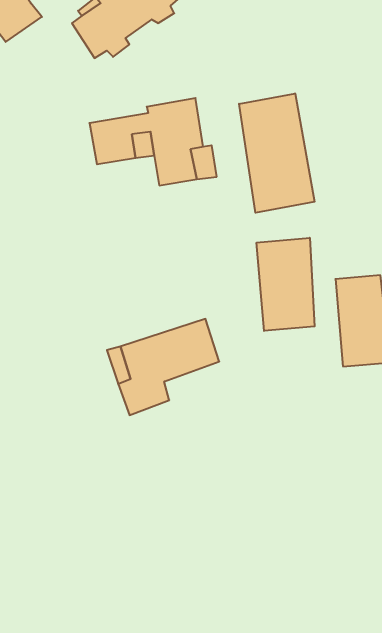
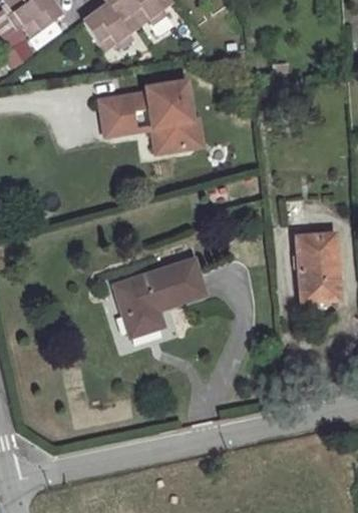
building: [239,93,315,213] -> none
building: [257,238,315,331] -> none

